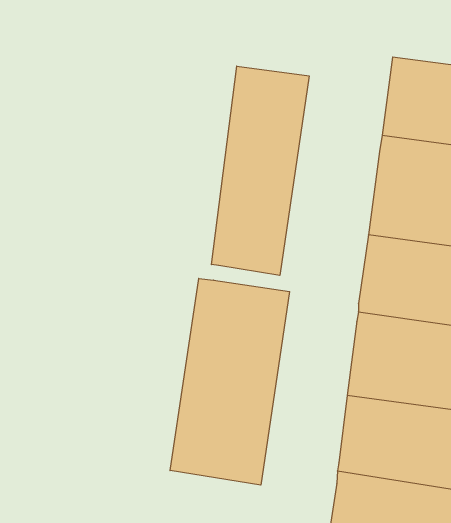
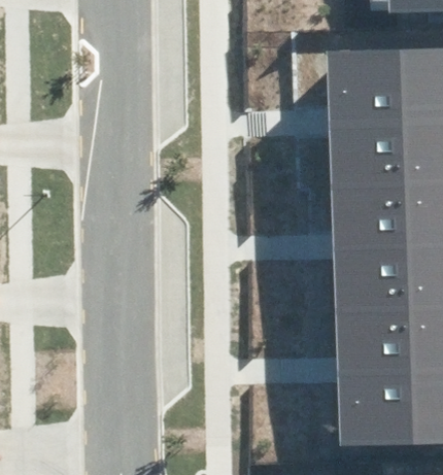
building: [211,66,309,275] -> none
building: [170,278,290,485] -> none

